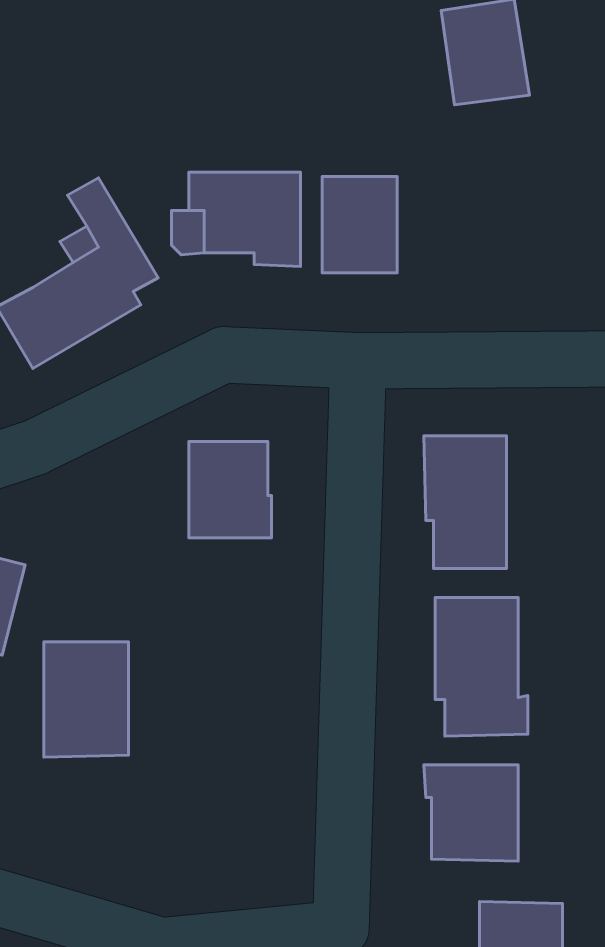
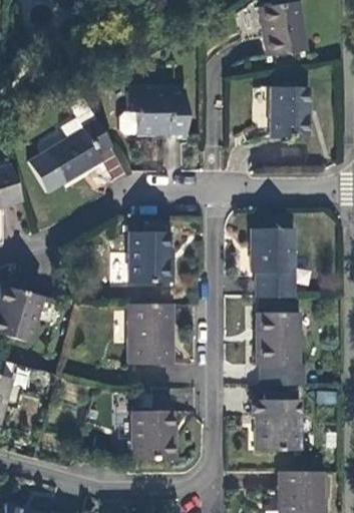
building: [322,177,397,273] -> [271,86,310,136]
building: [44,642,129,757] -> [128,304,172,364]
building: none -> [132,411,175,459]

